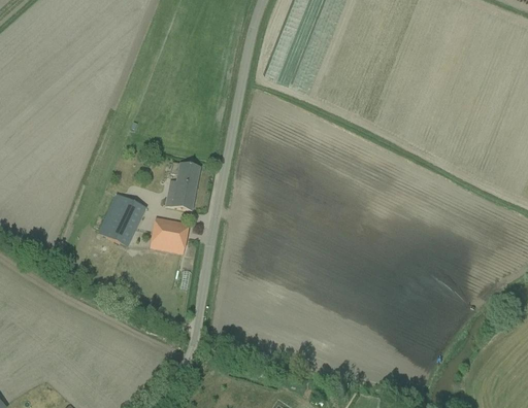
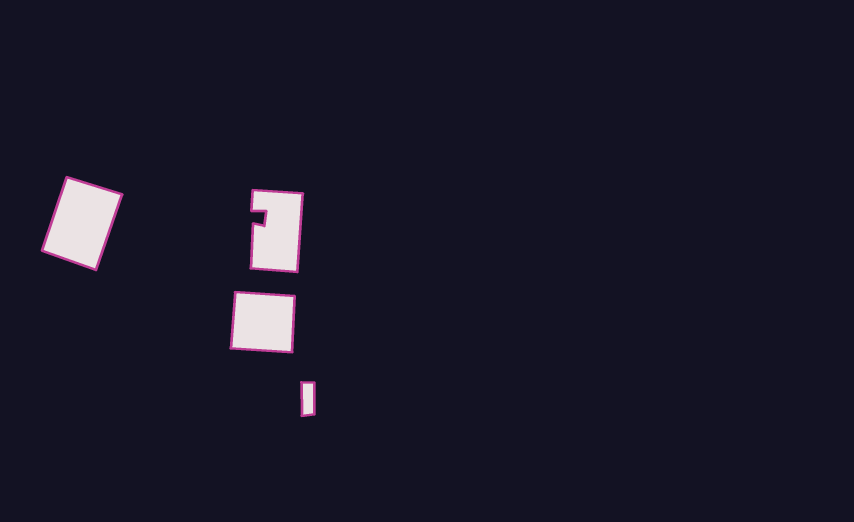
building: [97,194,145,247] -> [42,177,122,270]

